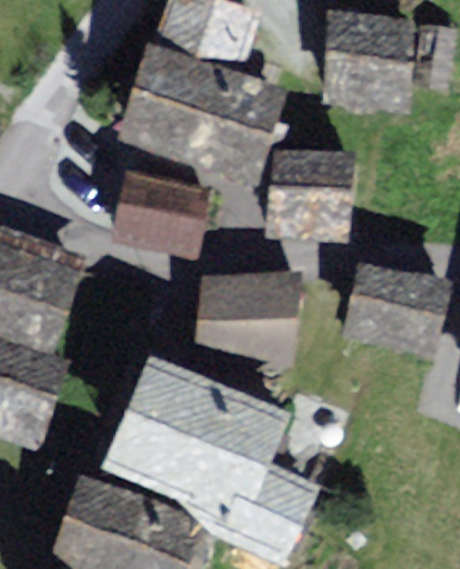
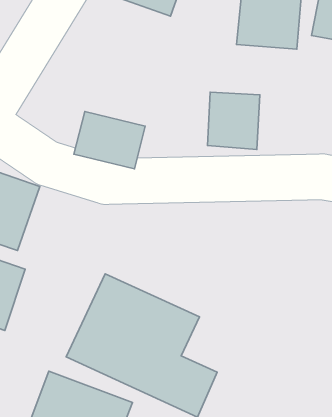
building: [128,46,279,171] -> none
building: [338,268,433,350] -> none
building: [198,280,293,359] -> none

